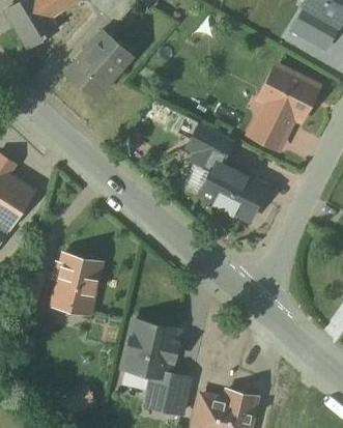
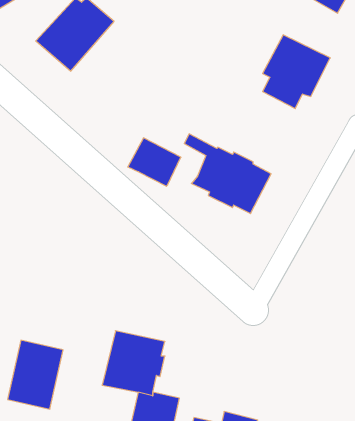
building: [251,116,288,148] -> none
building: [188,123,233,165] -> [128,138,181,186]
building: [52,254,99,313] -> [8,340,63,409]

